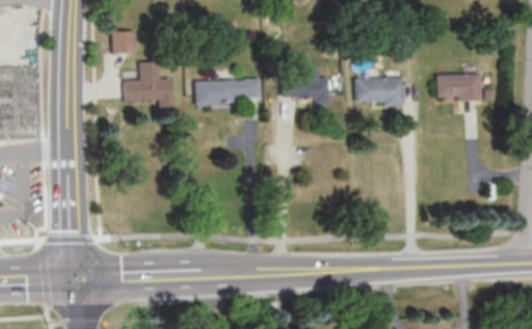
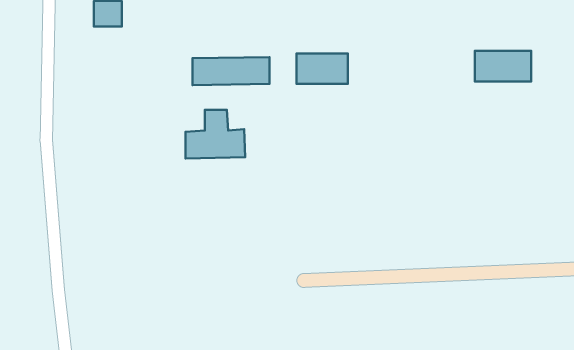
building: [125,61,176,103] -> [185,110,245,159]
building: [356,78,403,103] -> none

